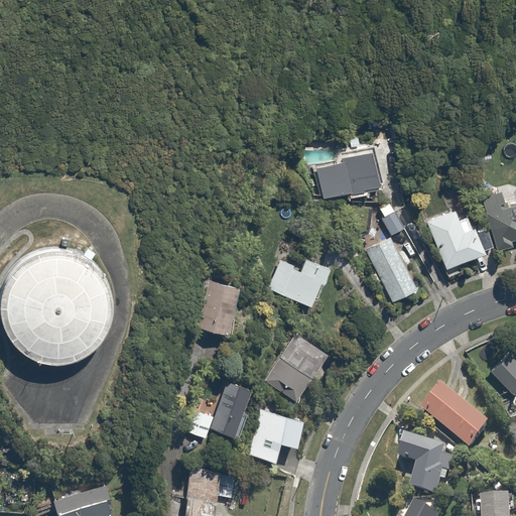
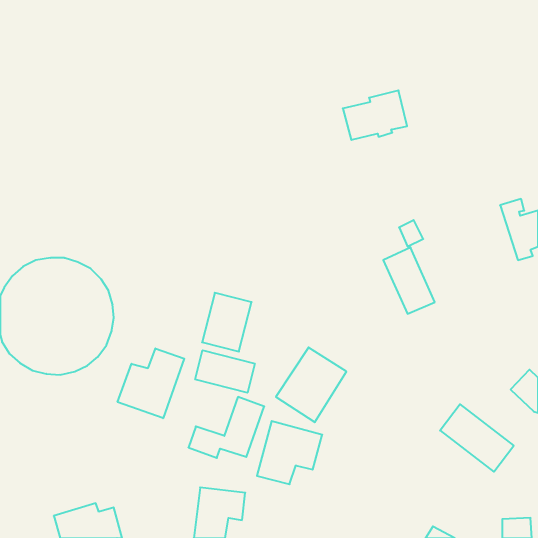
building: [313,149,375,197] -> [343,90,407,140]
building: [426,210,494,276] -> none
building: [268,258,327,307] -> none
building: none -> [118,348,184,418]
building: none -> [195,350,255,393]
building: [401,441,456,495] -> none

